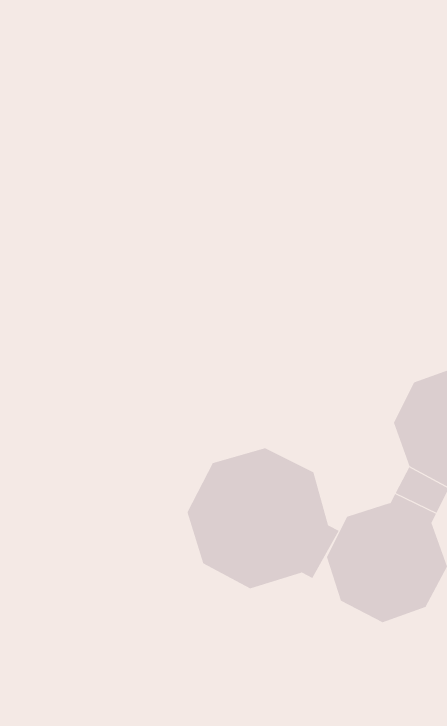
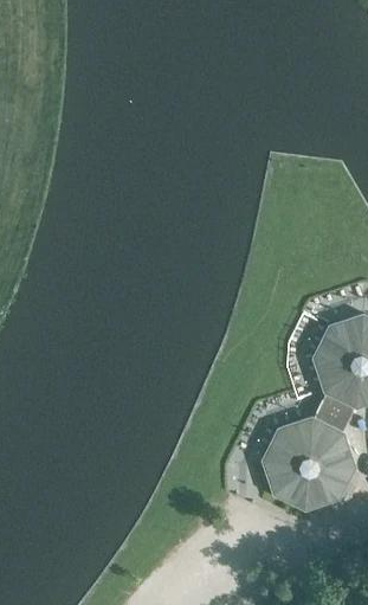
building: [187,448,339,589] -> none

